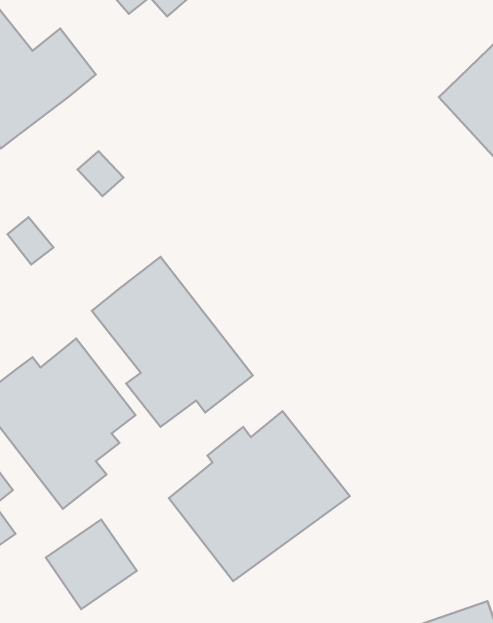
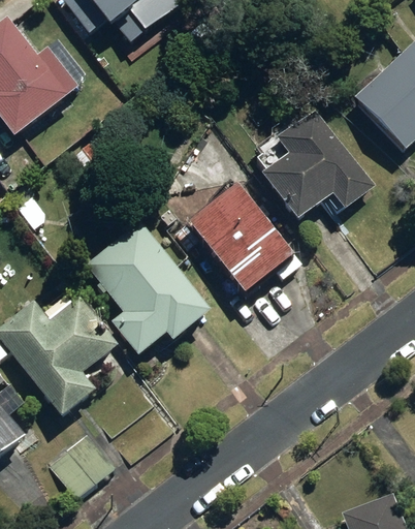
building: none -> [258,94,378,223]
building: none -> [186,185,309,299]
building: [169,411,350,581] -> none

